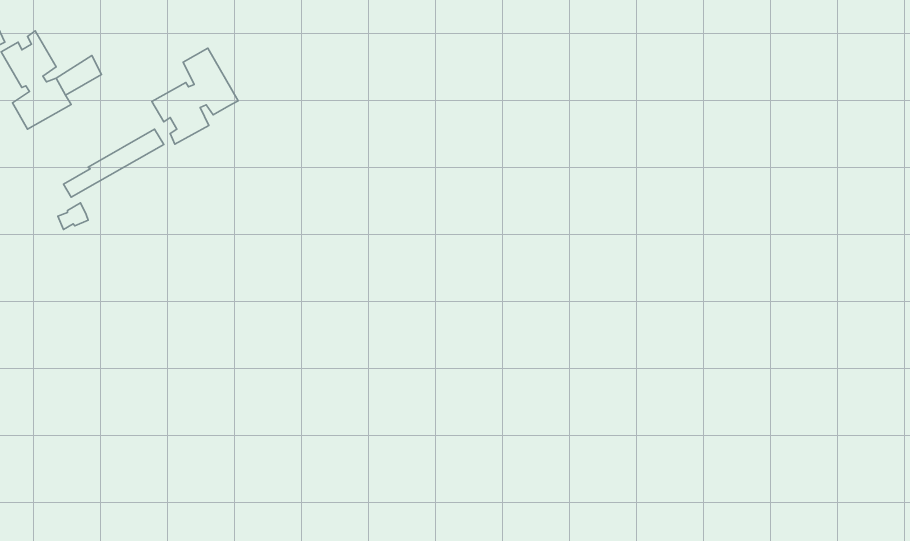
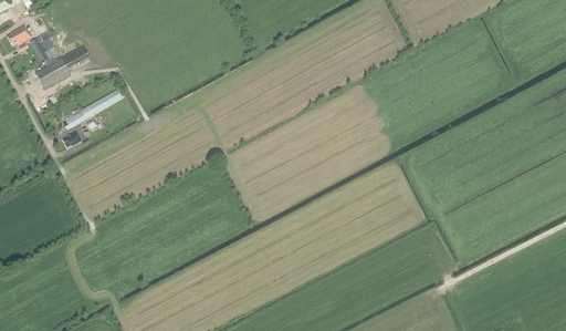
building: [152,48,238,144] -> none

